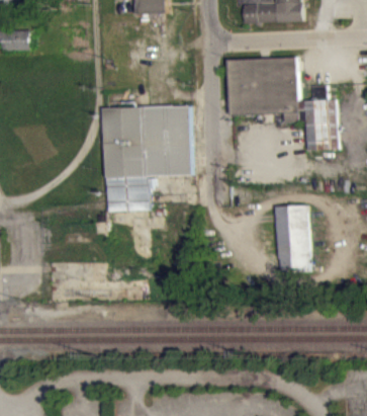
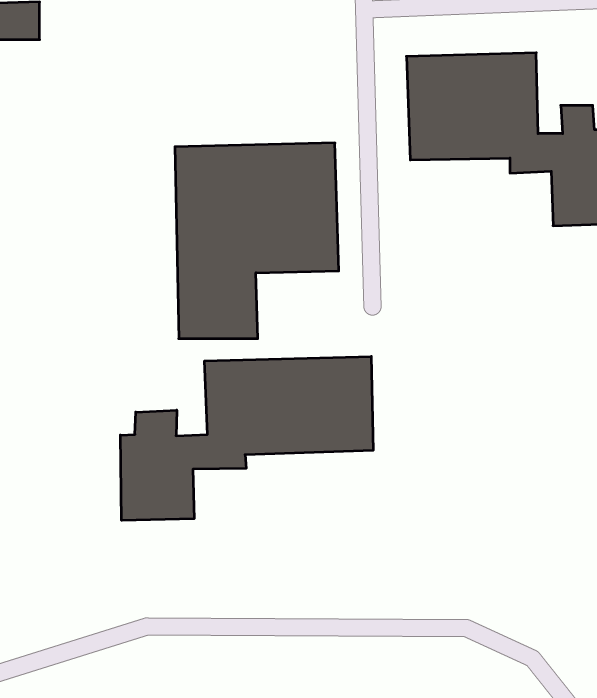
building: [272,204,304,272] -> none
building: none -> [120,356,373,520]

